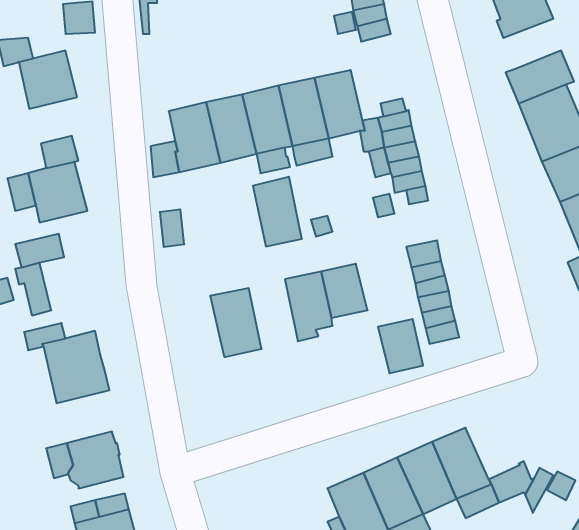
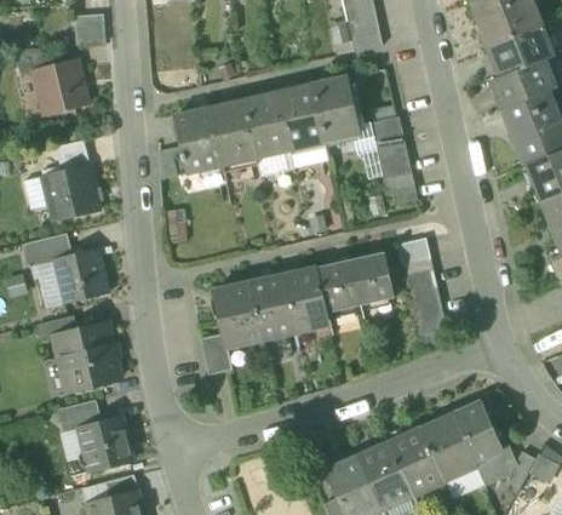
building: none -> [488,27,552,76]
building: [253,177,302,246] -> [250,274,296,339]
building: none -> [53,247,109,303]
building: [378,319,423,373] -> [350,252,392,303]
building: none -> [202,332,233,374]
building: none -> [58,399,102,431]
building: none -> [453,400,504,462]

